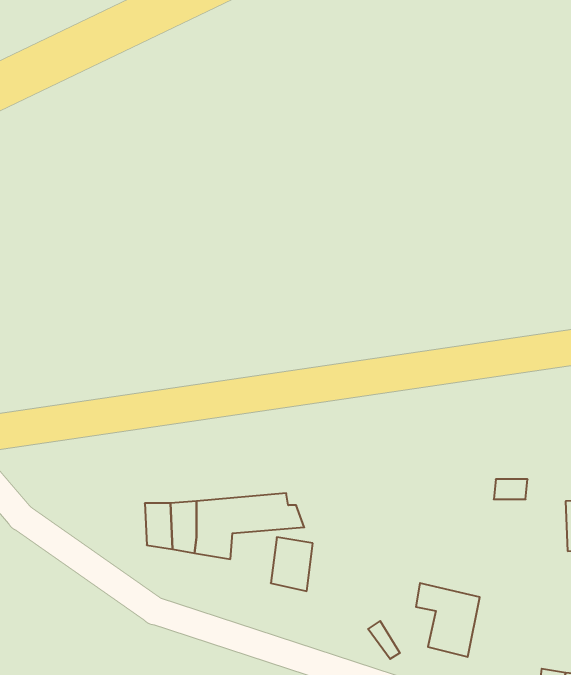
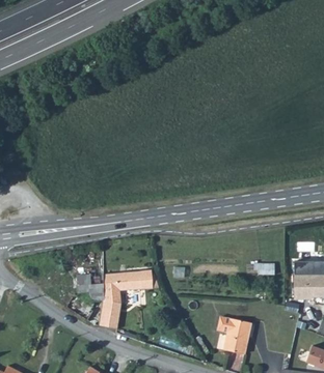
building: [271,537,313,591] -> [100,300,122,328]

